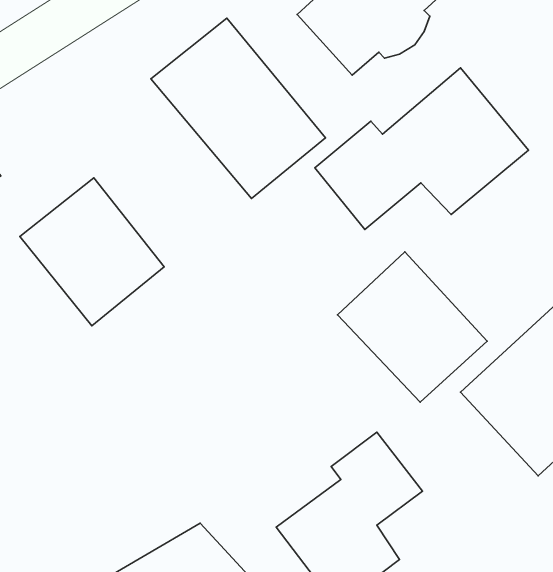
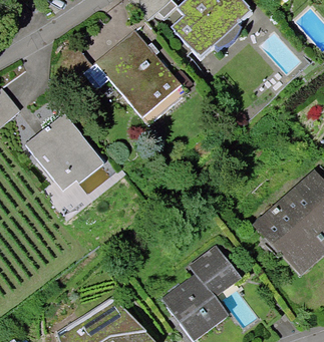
building: [315,68,529,230] -> none
building: [338,252,487,402] -> none

